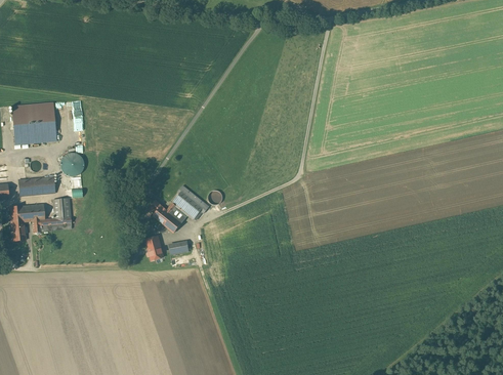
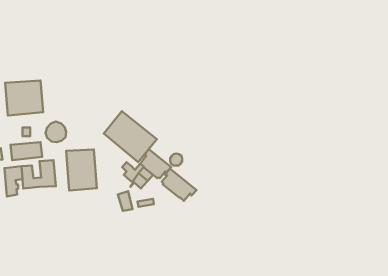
building: none -> [104,111,157,162]
building: none -> [66,149,97,190]
building: none -> [162,169,196,201]

